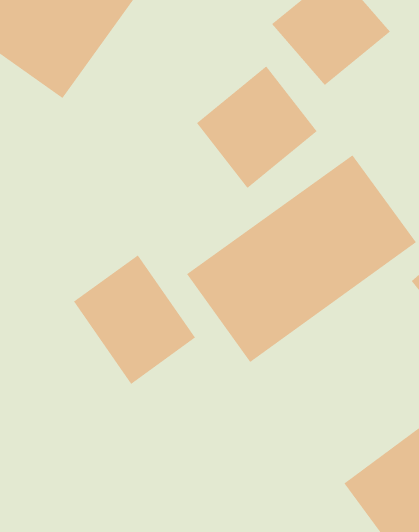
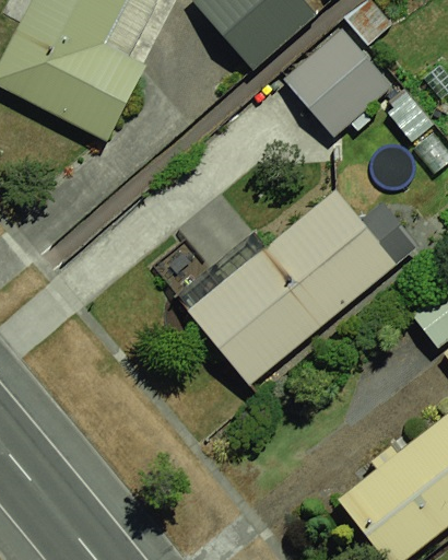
building: [196,65,317,189] -> none
building: [73,254,196,385] -> none

